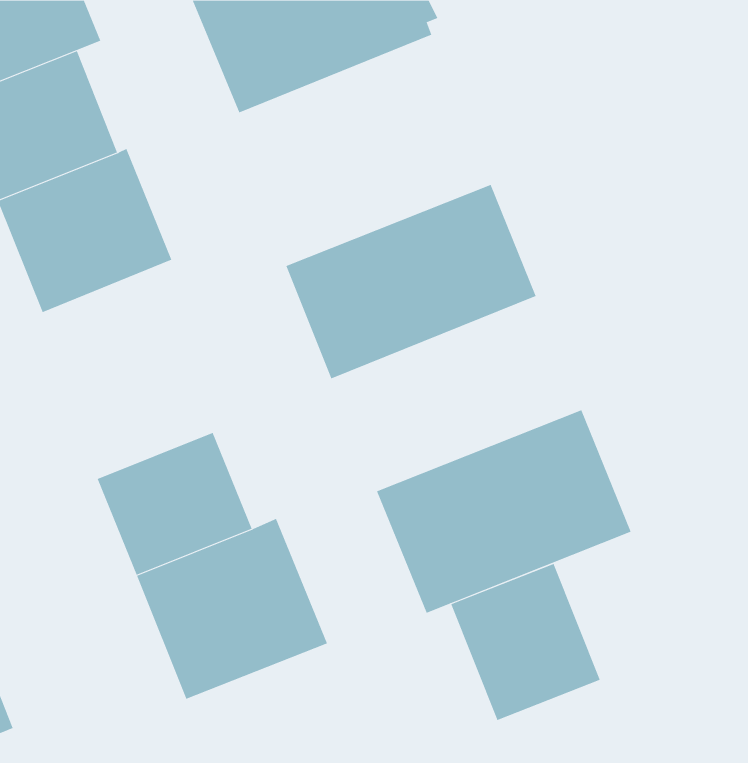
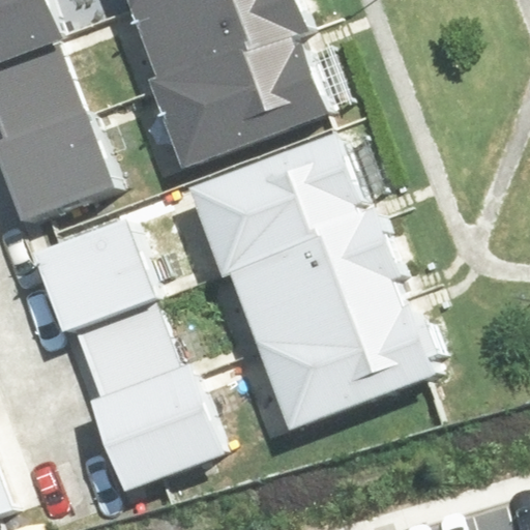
building: none -> [154,30,329,168]
building: none -> [227,209,399,343]
building: none -> [33,216,158,334]
building: [451,563,601,721] -> none

